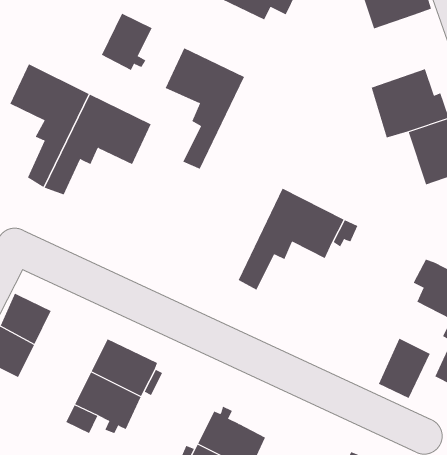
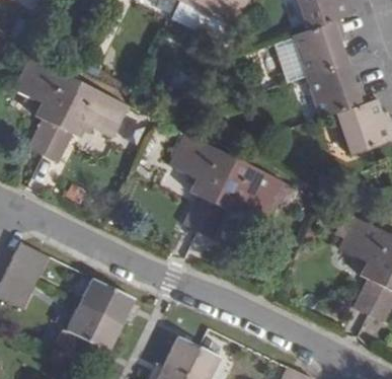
building: [101,13,153,71] -> none
building: none -> [289,19,346,77]
building: [165,48,245,169] -> [168,134,232,231]
building: [378,338,431,399] -> none

